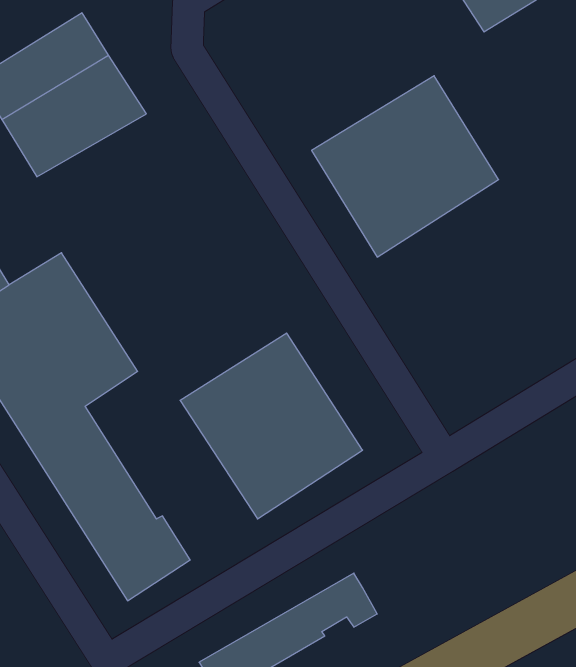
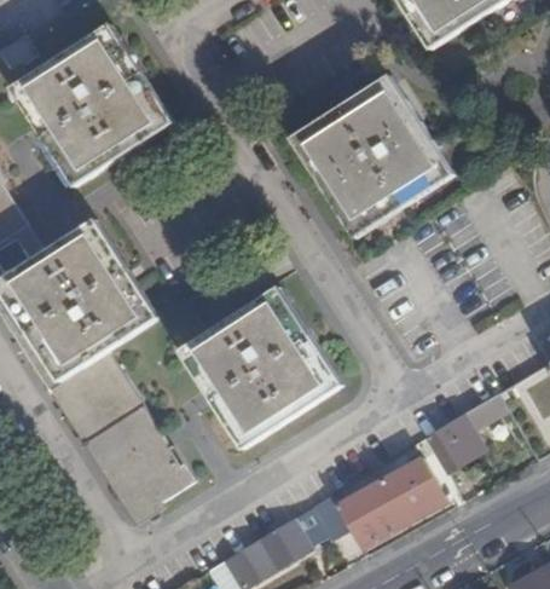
building: none -> [68,112,169,186]
building: none -> [422,393,508,473]
building: none -> [337,457,445,550]

